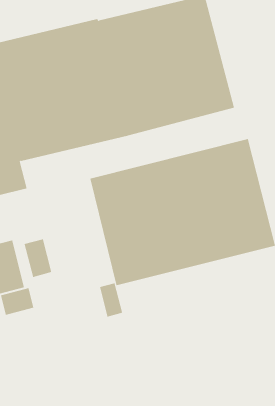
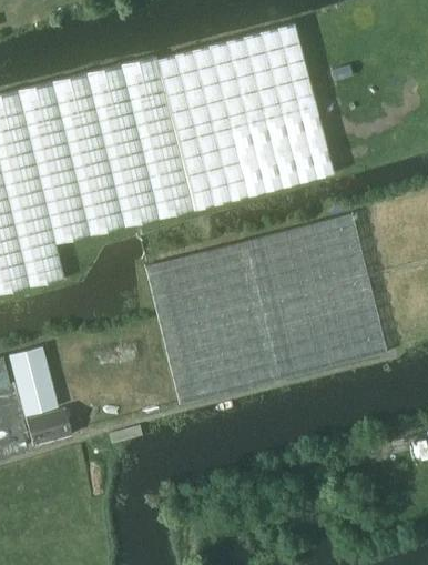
building: [24,238,52,278] -> none
building: [100,282,123,317] -> none

